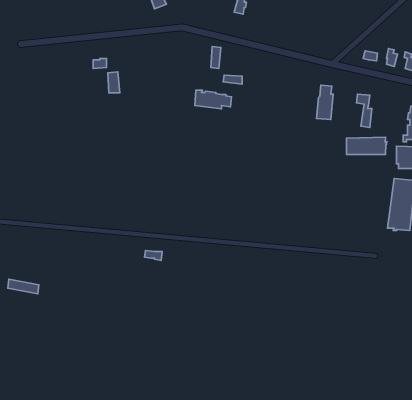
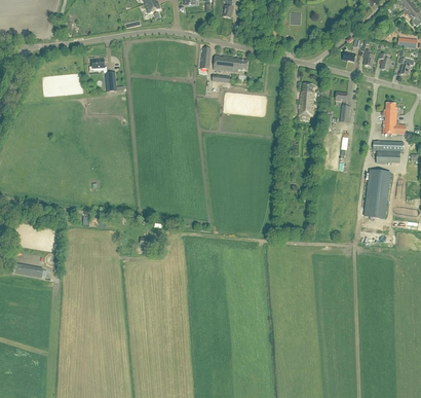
building: [195,90,231,109] -> [213,55,246,72]
building: [347,137,387,155] -> none

